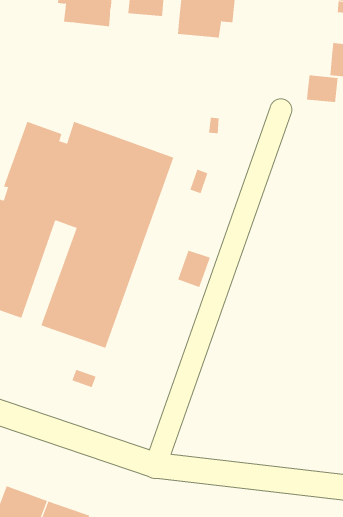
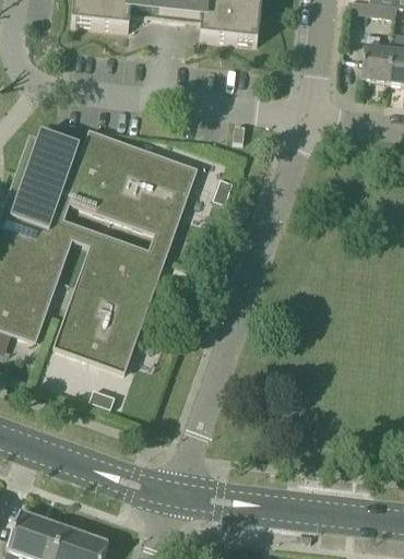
building: [306,74,338,103] -> none
building: [178,250,211,288] -> none

